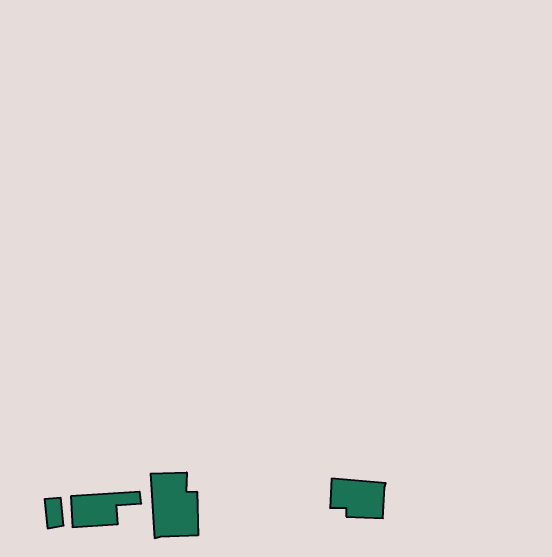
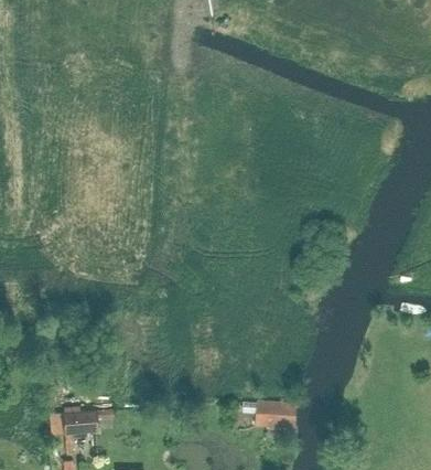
building: [151,472,198,538] -> none

